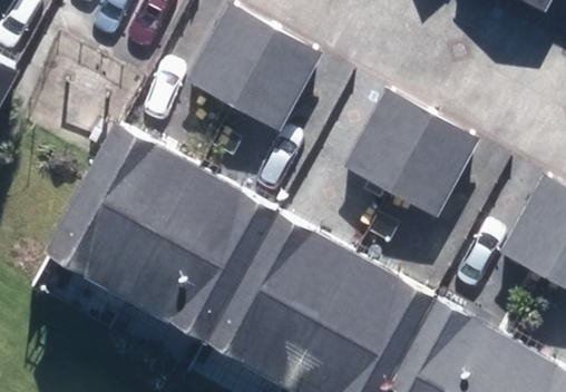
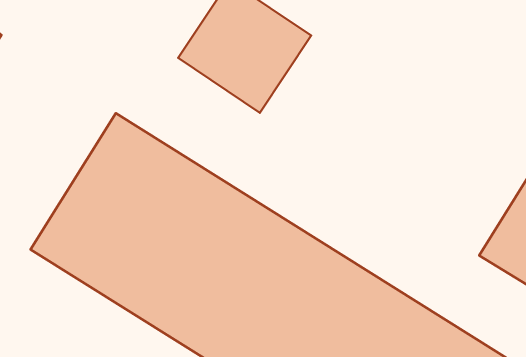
building: [343,89,472,217] -> none

